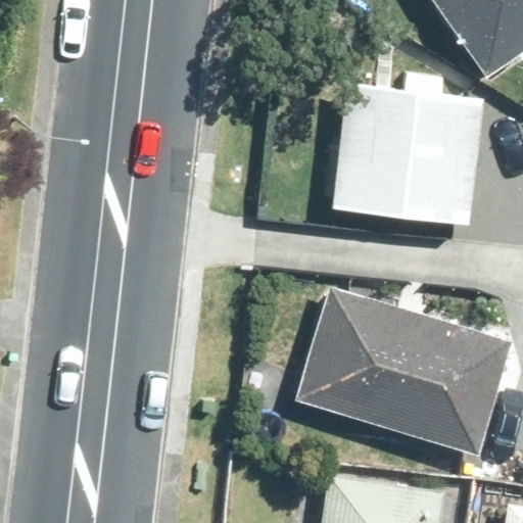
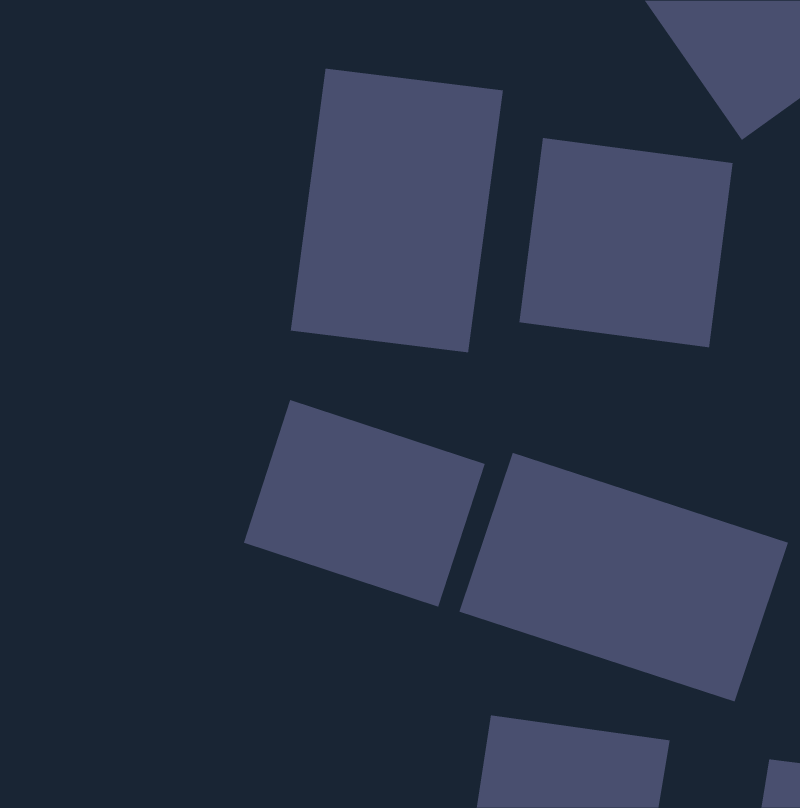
building: none -> [290,68,503,353]
building: none -> [243,399,485,608]

